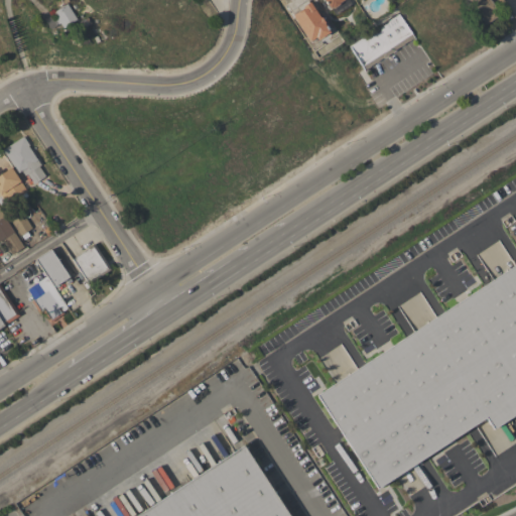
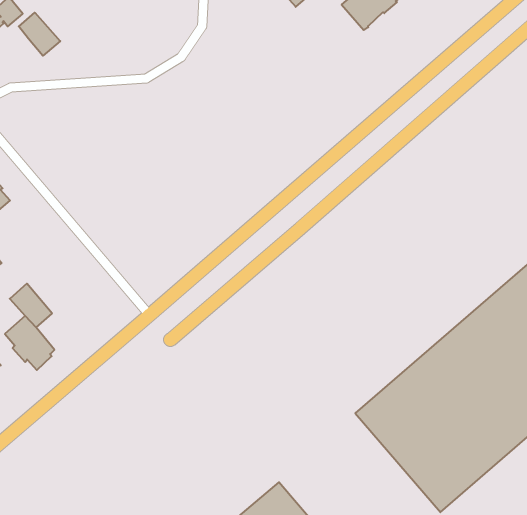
building: none -> [19,13,60,56]
building: [74,243,112,284] -> none

